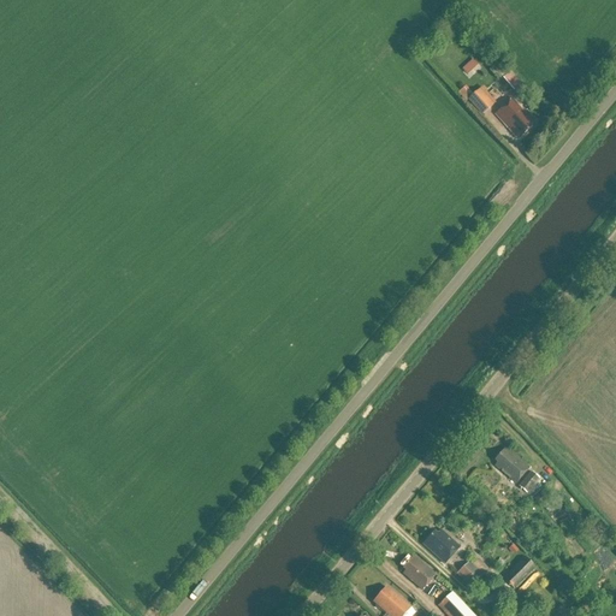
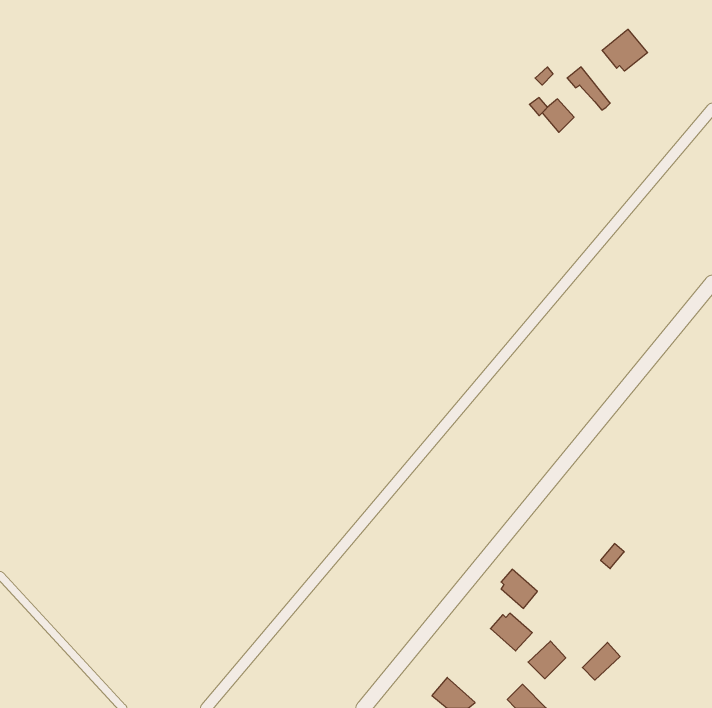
building: none -> [602,29,648,71]
building: [496,97,535,137] -> none
building: [494,446,529,481] -> none
building: [403,555,434,588] -> [501,569,537,608]

